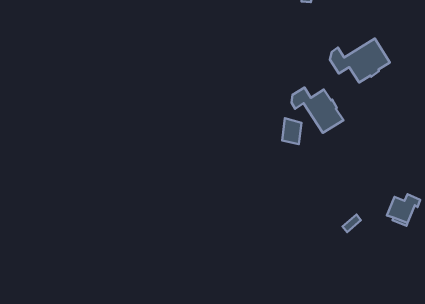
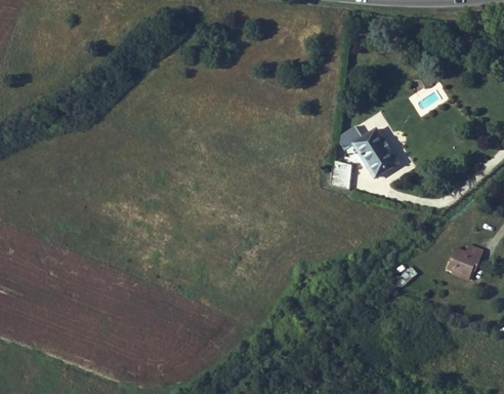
building: [330,39,390,82] -> none

